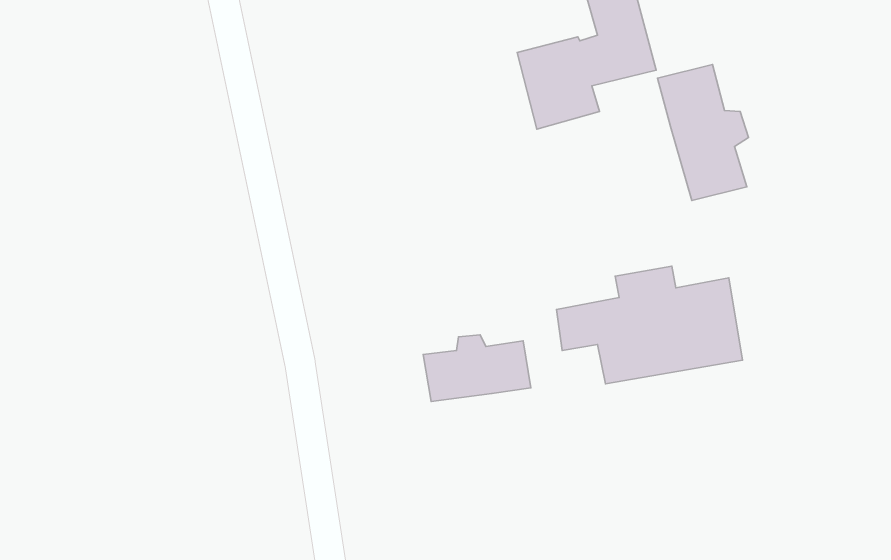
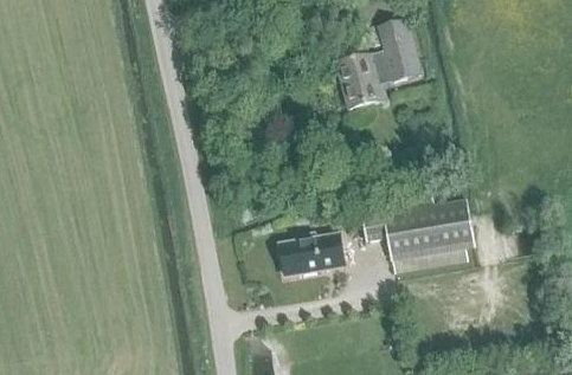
building: [658,64,749,201] -> none

